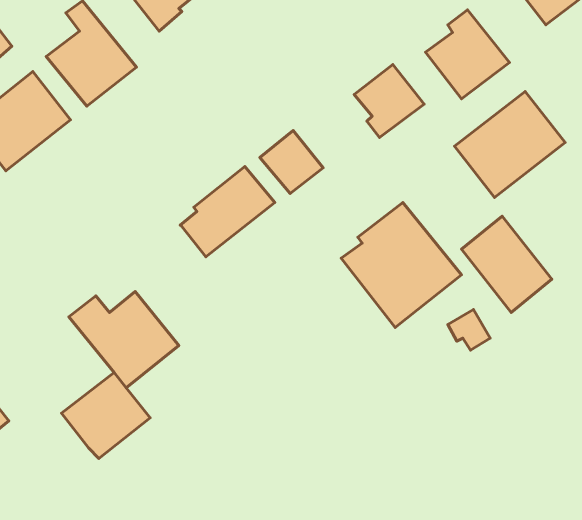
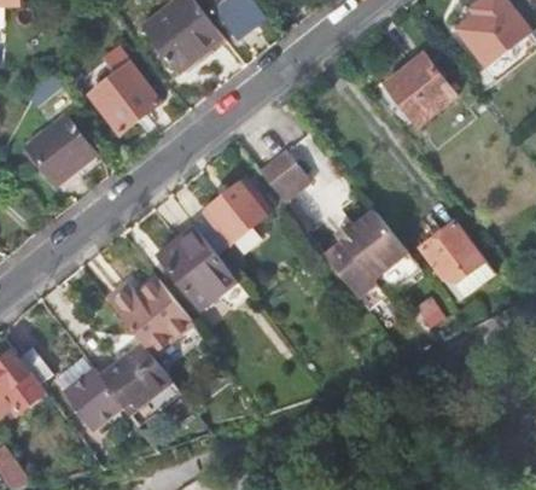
building: [354,65,424,138] -> none
building: [454,91,565,197] -> none
building: none -> [159,229,237,311]
building: none -> [64,369,121,428]

